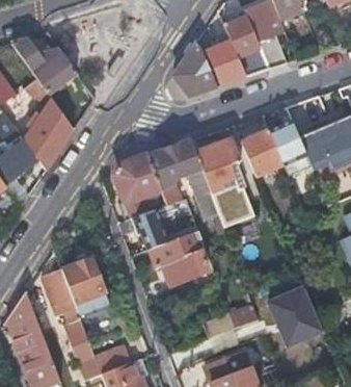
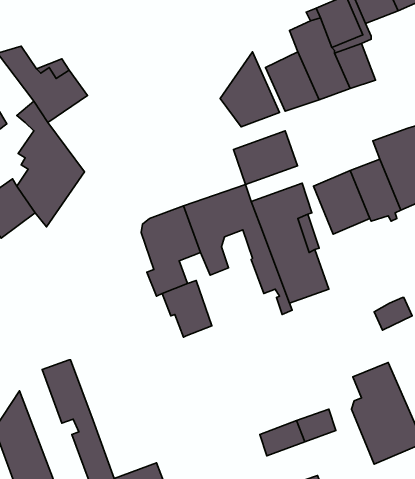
building: none -> [233,131,297,185]
building: [149,232,207,287] -> none
building: [63,258,109,313] -> none

